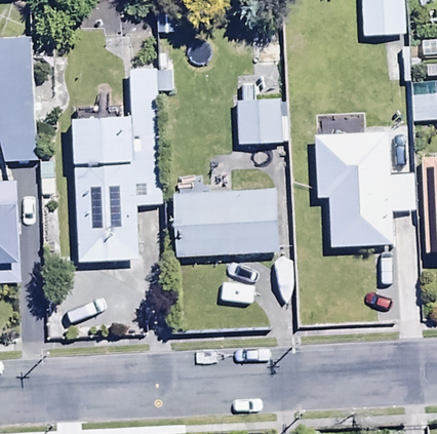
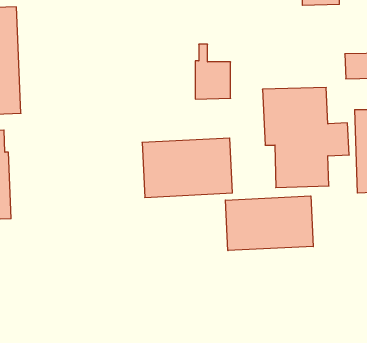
building: [74,67,160,263] -> none
building: none -> [225,196,313,251]

